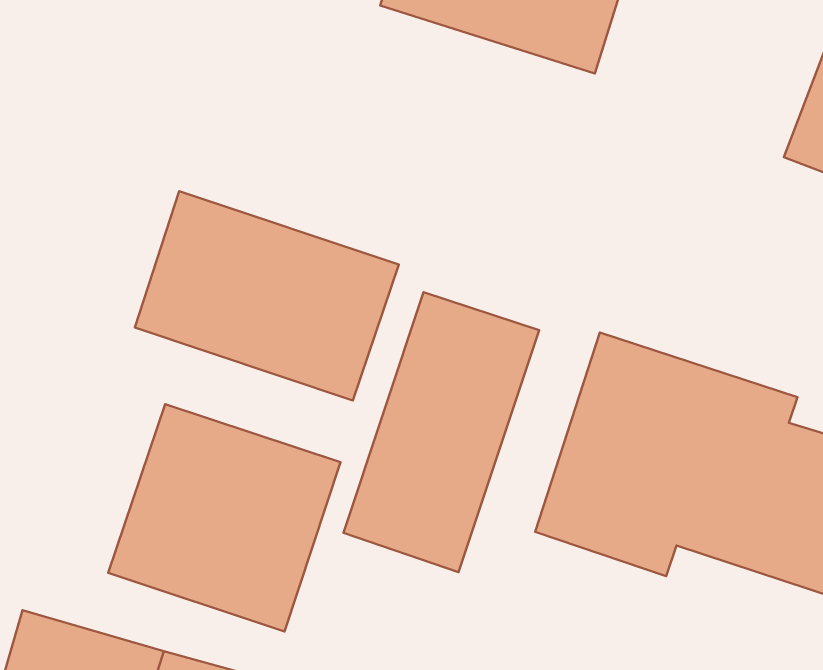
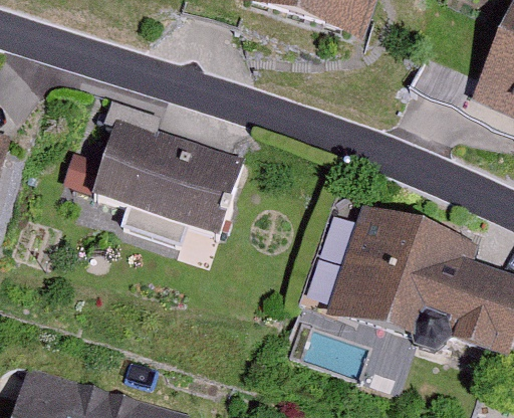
building: [344,292,539,572] -> none
building: [108,404,341,632] -> none

